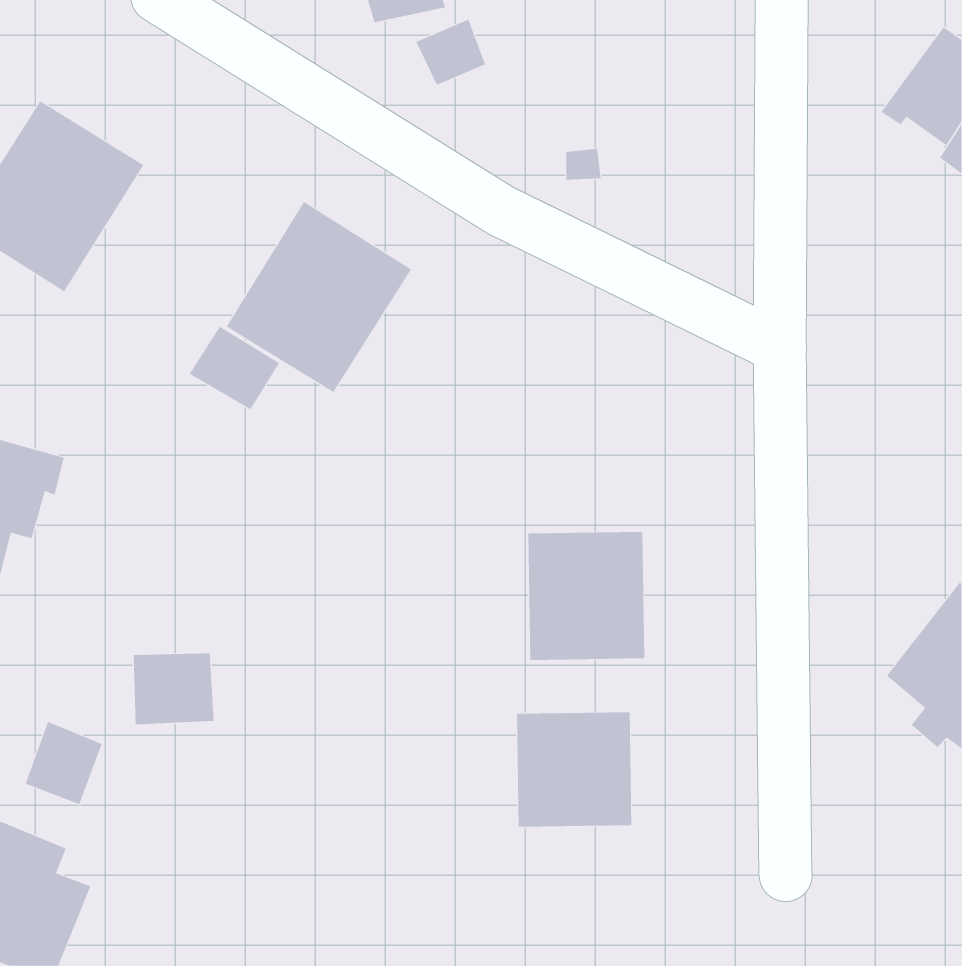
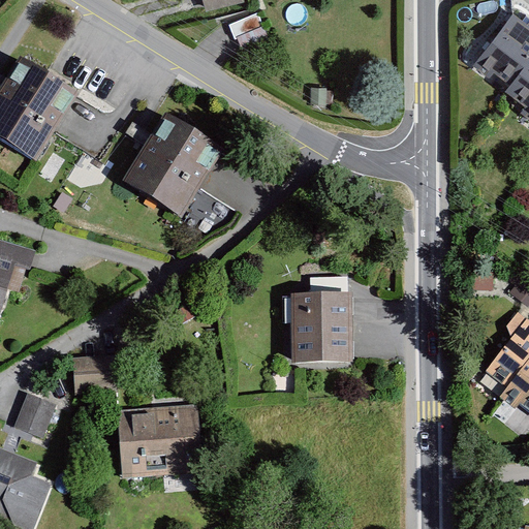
building: [189,326,280,410] -> none
building: [517,711,632,827] -> none
building: none -> [117,404,203,479]

